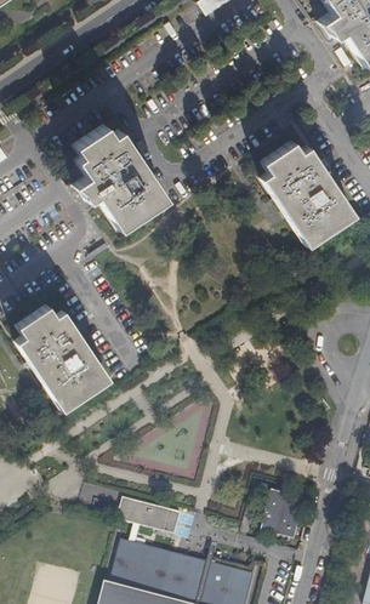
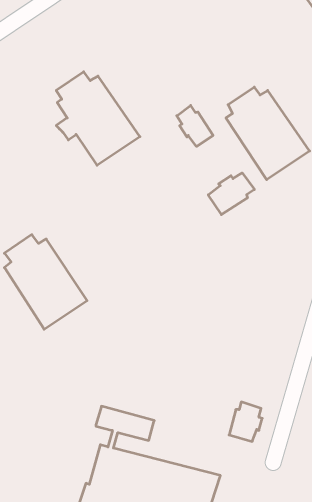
building: none -> [177,105,213,146]
building: none -> [208,173,254,215]

